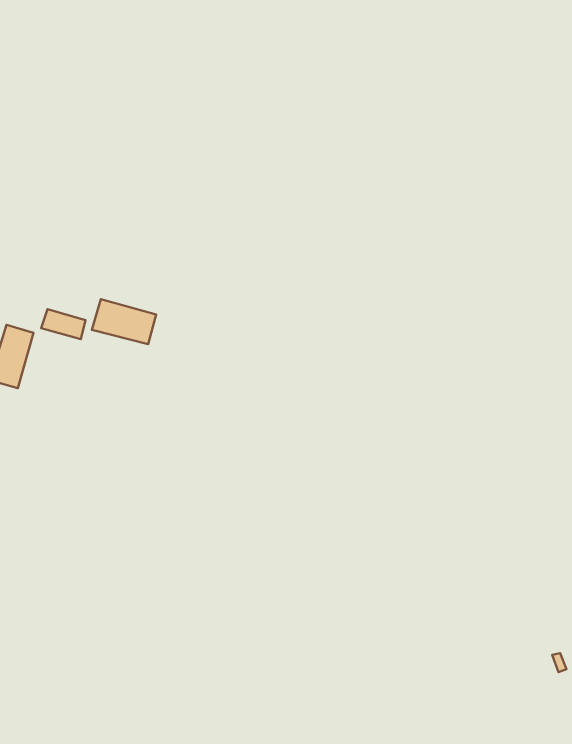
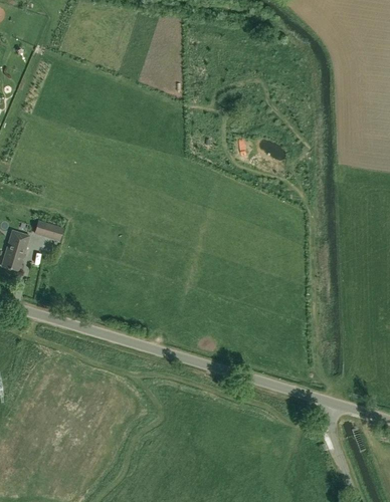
building: [92,299,156,344] -> none

